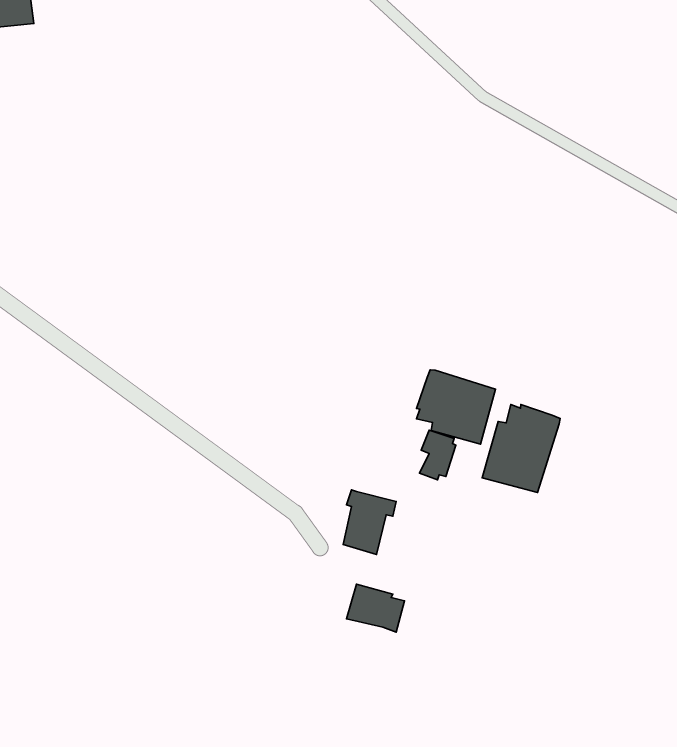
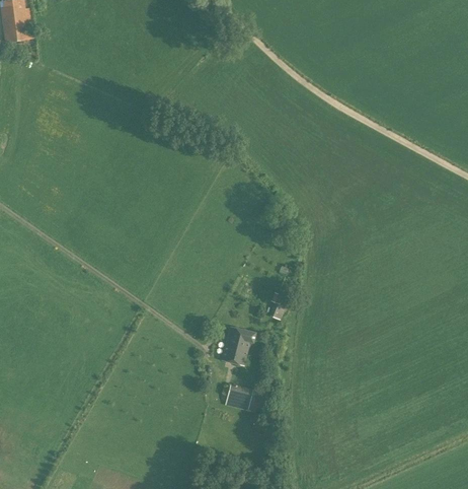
building: [416,370,495,444] -> none
building: [482,404,560,492] -> none

